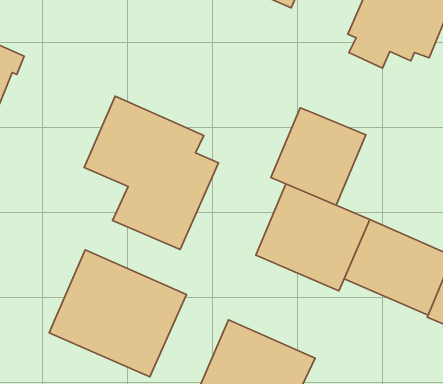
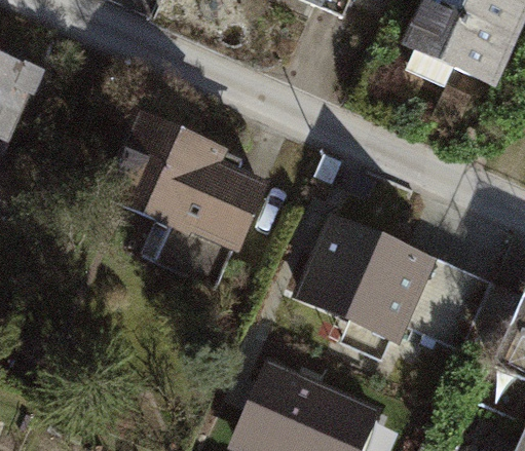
building: [271,108,366,205] -> none
building: [49,250,186,377] -> none

